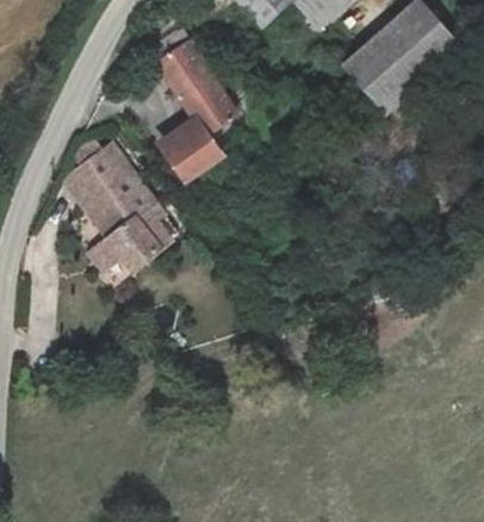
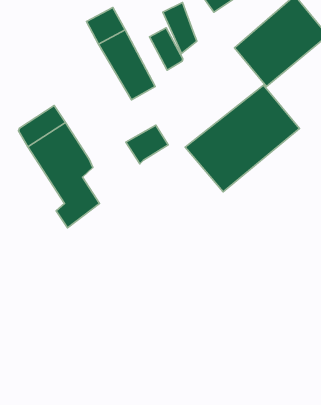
building: none -> [149,28,183,70]
building: none -> [185,85,300,192]
building: [169,131,223,180] -> [126,125,168,164]

